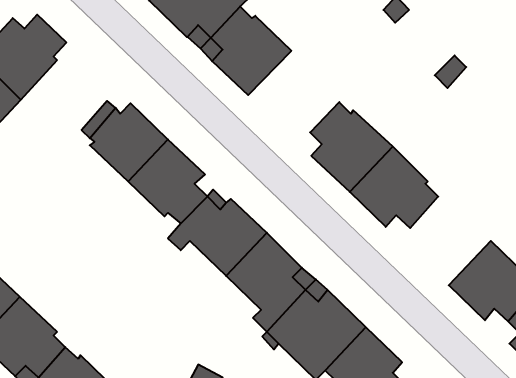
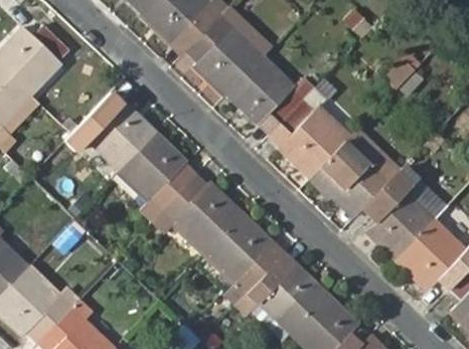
building: none -> [226,55,305,126]
building: none -> [366,170,436,257]

